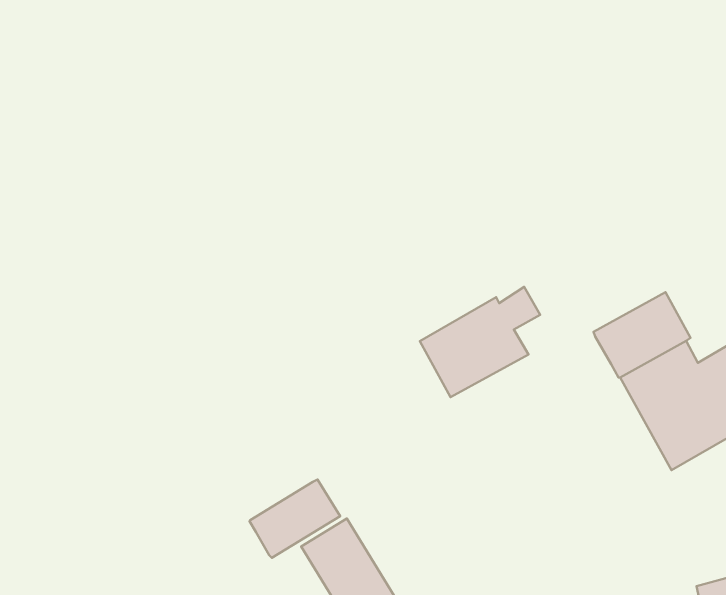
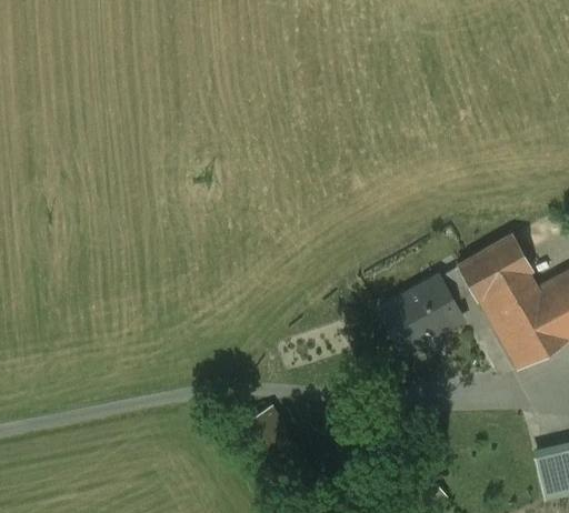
building: [420,287,540,397] -> [381,266,472,350]
building: [249,480,340,558] -> none

